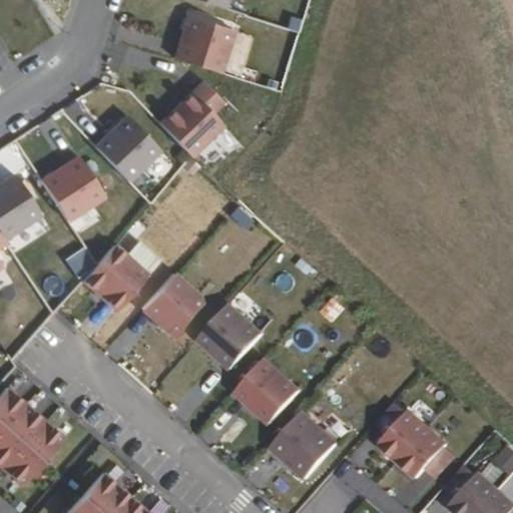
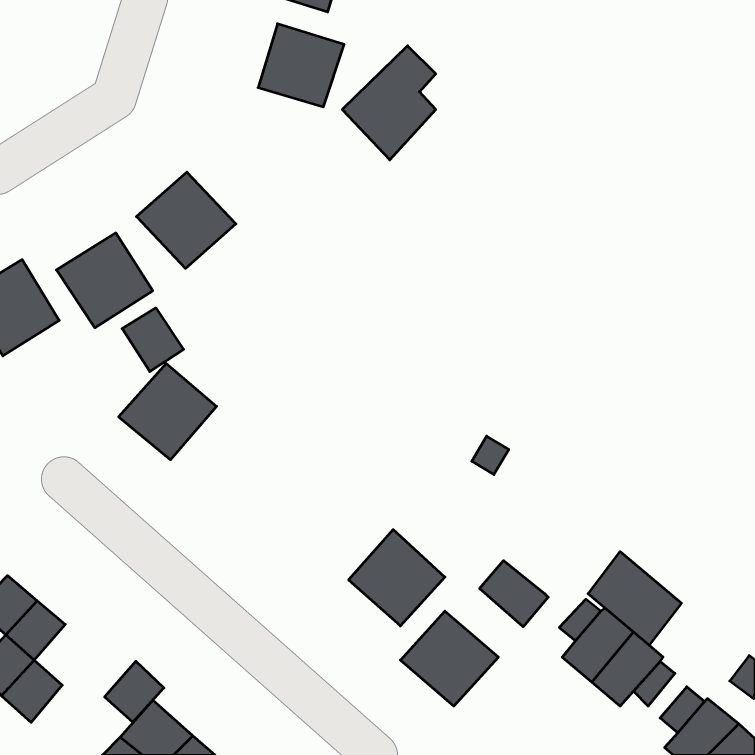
building: [158,81,221,158] -> [342,46,436,160]
building: none -> [122,308,184,372]
building: [140,274,205,339] -> none
building: [198,304,264,369] -> none
building: none -> [588,552,681,645]
building: none -> [480,561,548,627]
building: [23,422,63,463] -> [105,661,164,722]

